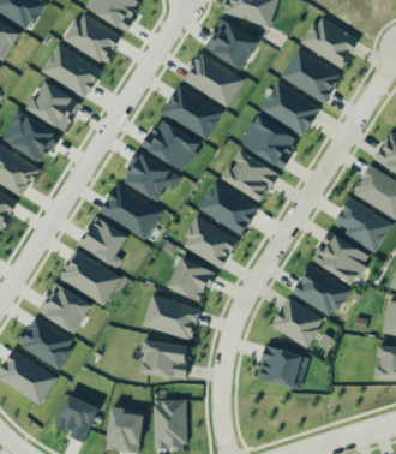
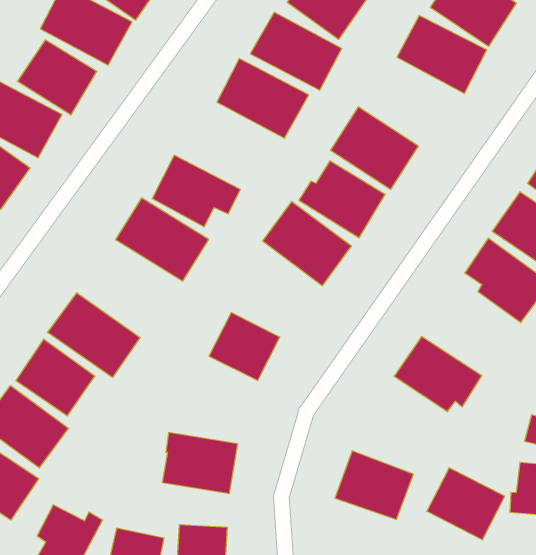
building: [260,83,320,135] -> none
building: [142,118,200,172] -> none
building: [180,216,238,269] -> none
building: [79,217,130,264] -> none
building: [310,231,371,285] -> none
building: [142,294,200,340] -> none
building: [271,299,323,346] -> [427,468,505,540]

